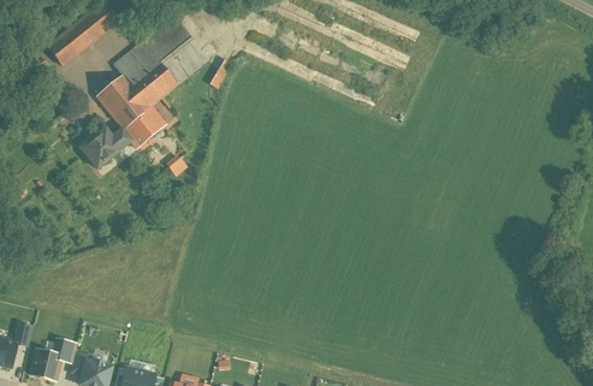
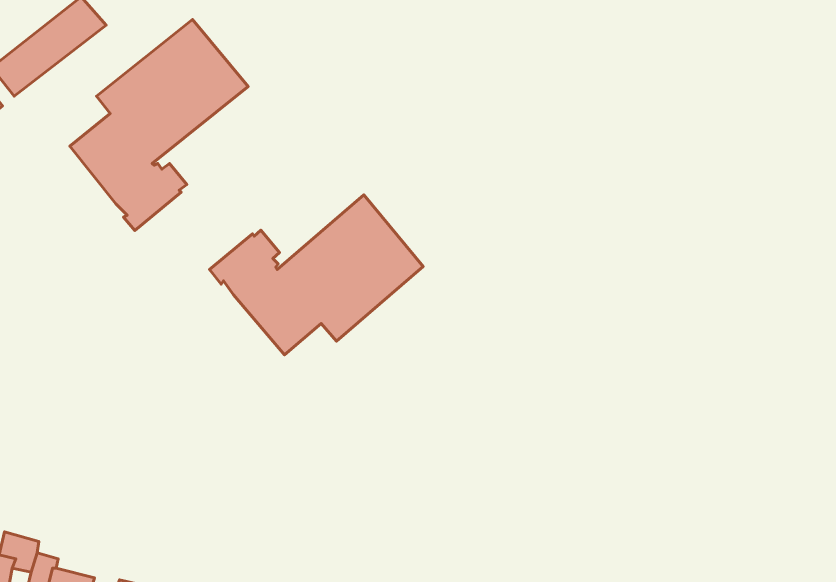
building: none -> [210,195,423,355]
building: [82,129,134,168] -> none

